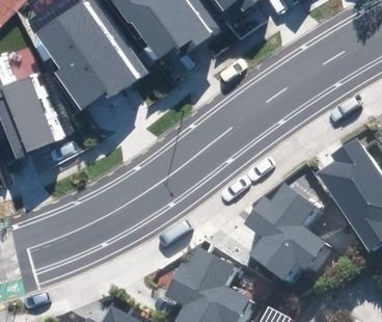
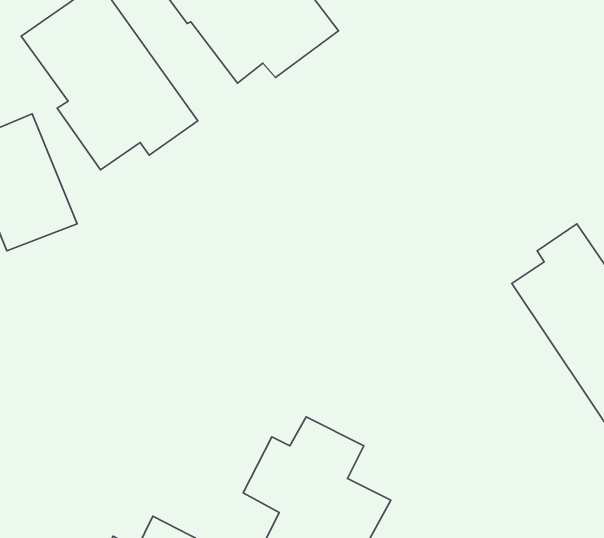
building: [247,186,323,278] -> none

